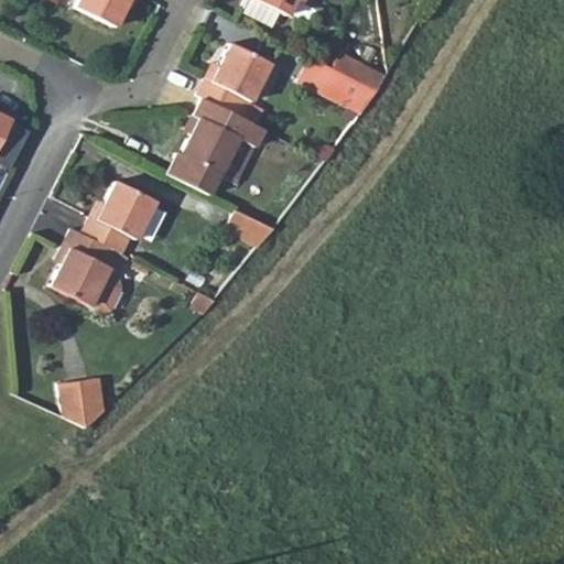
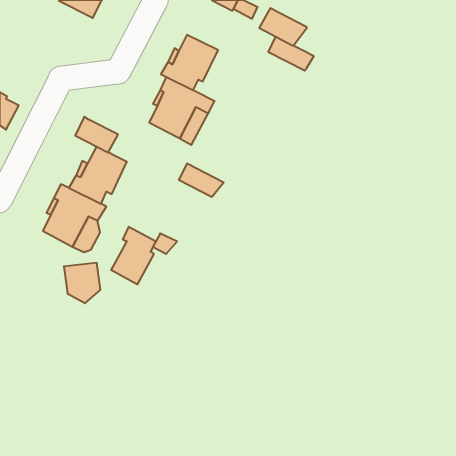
building: [317,65,376,111] -> [259,8,307,46]
building: [167,149,220,193] -> [75,117,118,152]
building: none -> [111,227,156,284]
building: [61,383,106,433] -> [64,263,100,303]

